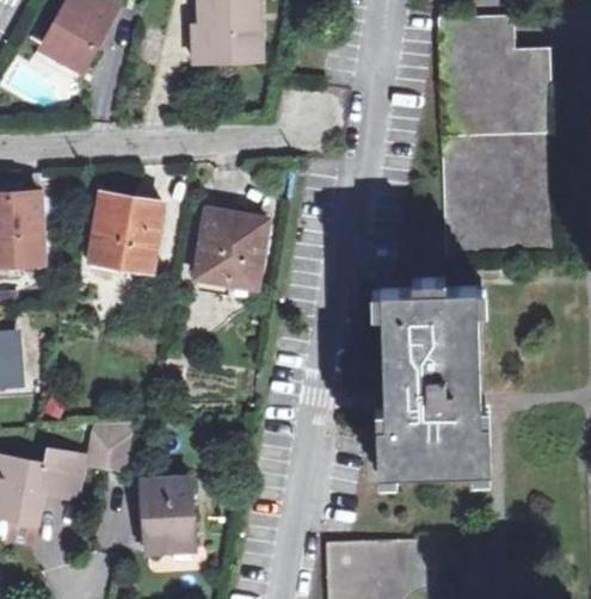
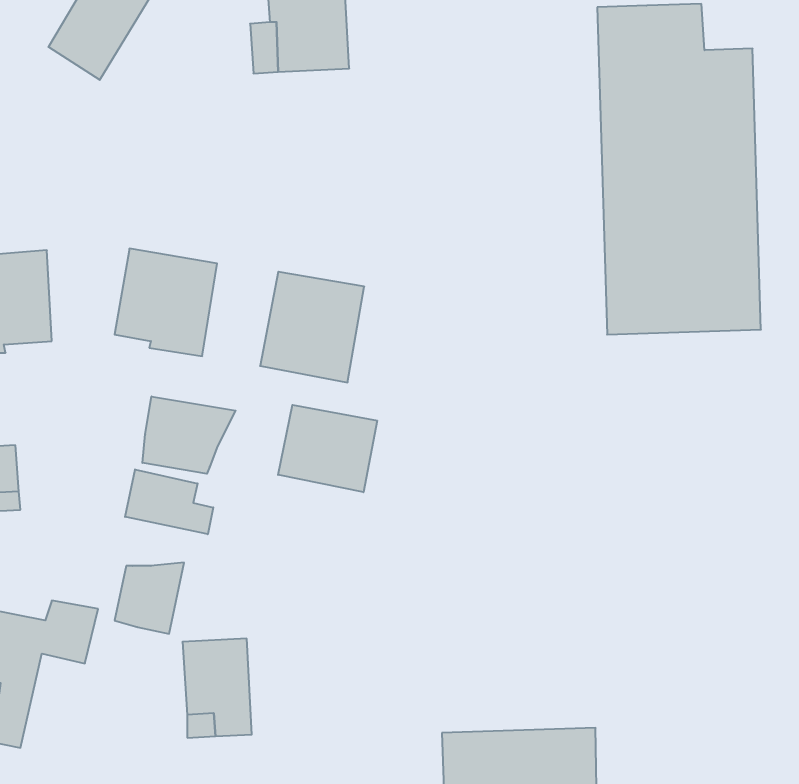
building: [375,290,488,476] -> none
building: none -> [142,396,236,474]
building: none -> [278,405,377,492]
building: none -> [125,469,213,534]

